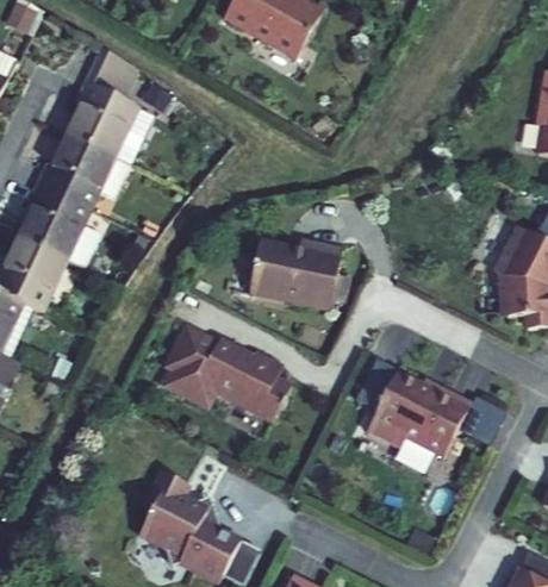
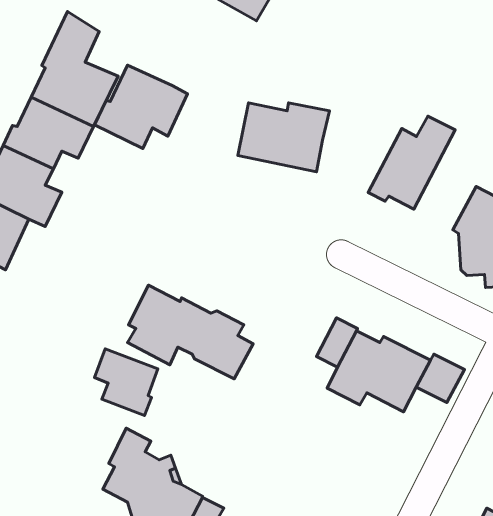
building: none -> [94,65,188,148]
building: none -> [368,116,455,209]
building: [248,238,341,308] -> [238,103,330,172]
building: none -> [95,349,158,416]

